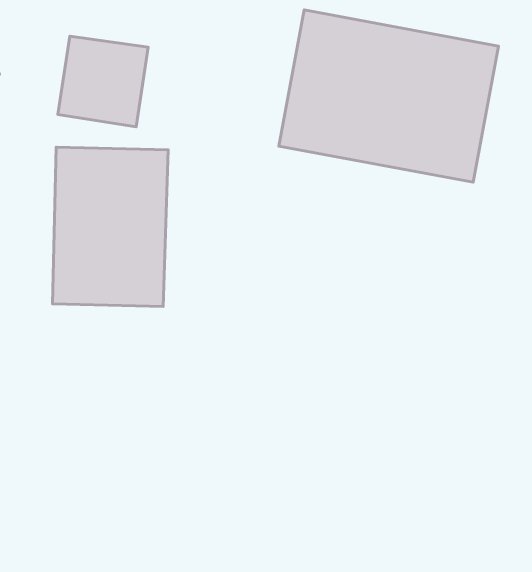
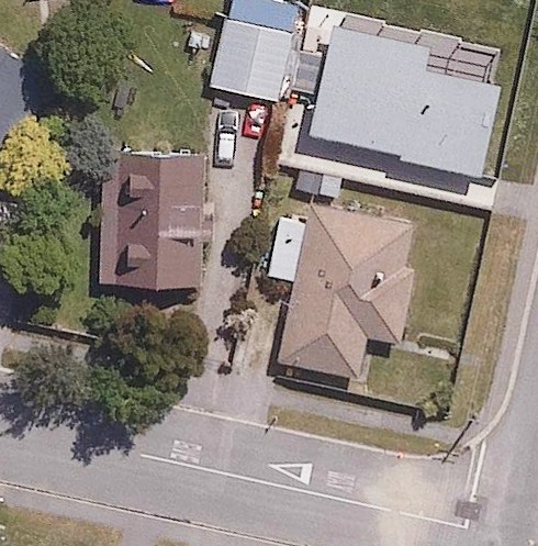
building: [58,36,148,127] -> [206,20,289,102]
building: none -> [261,207,415,377]

